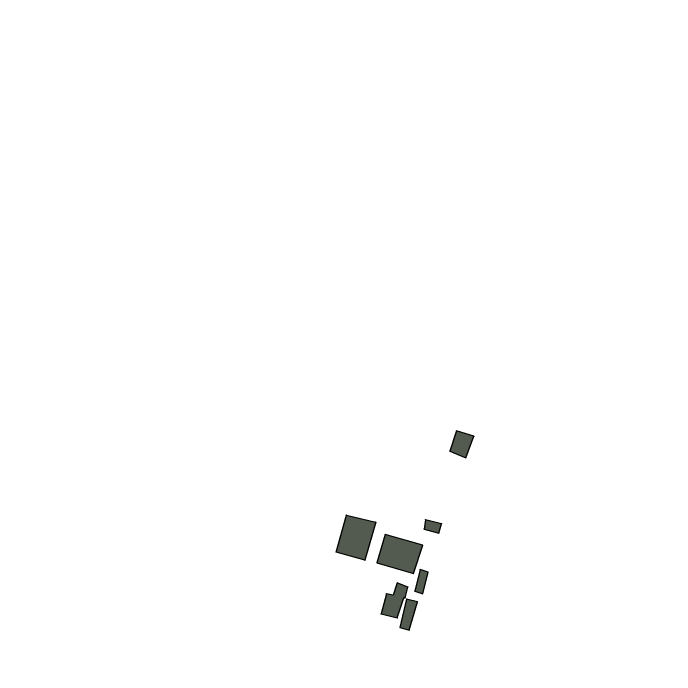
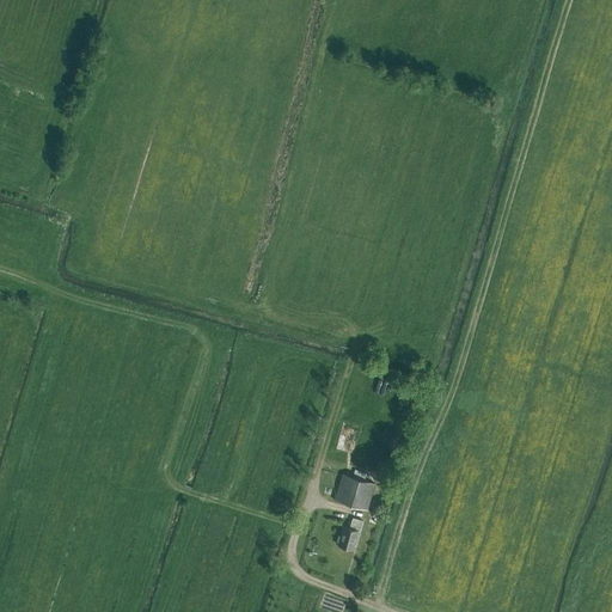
building: [336,515,376,560] -> none

